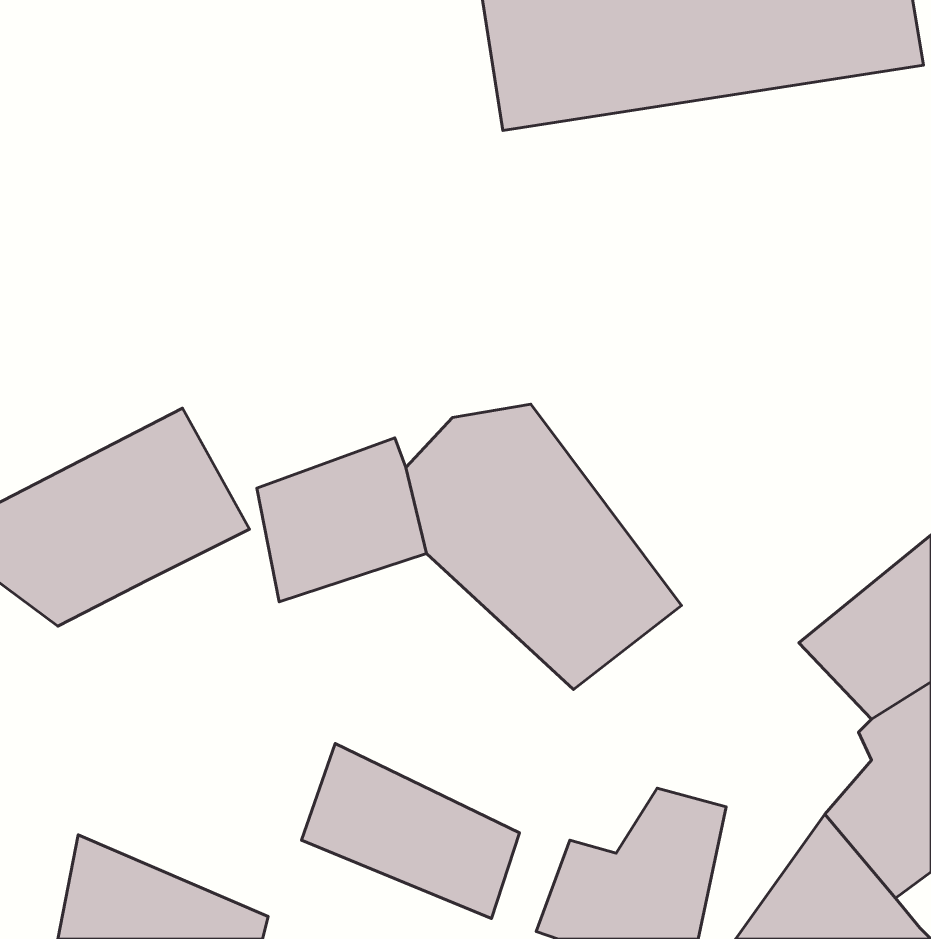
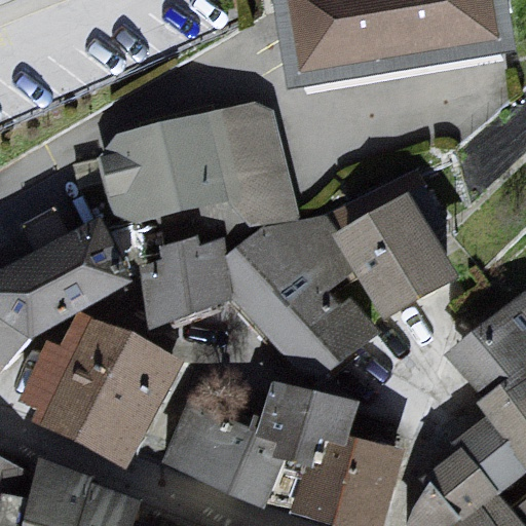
building: none -> [93,103,293,230]
building: none -> [340,195,464,316]
building: none -> [17,320,185,462]
building: none -> [260,387,364,471]

